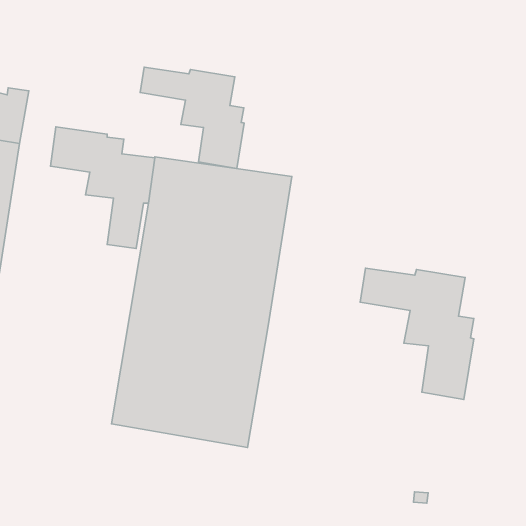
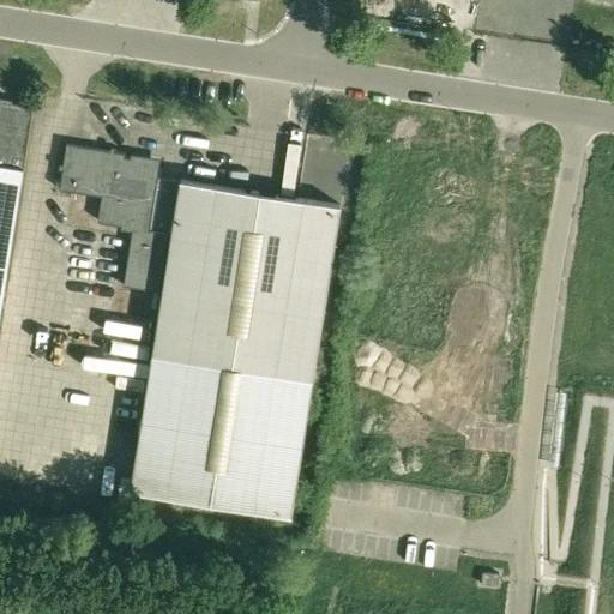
building: [140,67,244,169] -> none
building: [360,268,474,399] -> none

